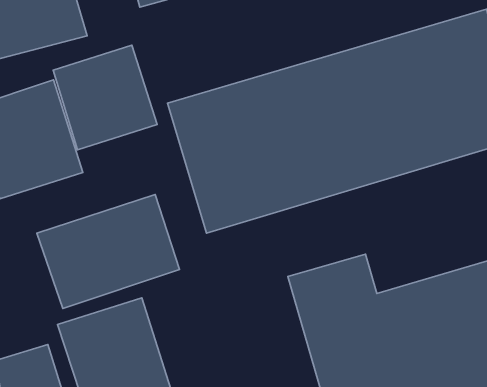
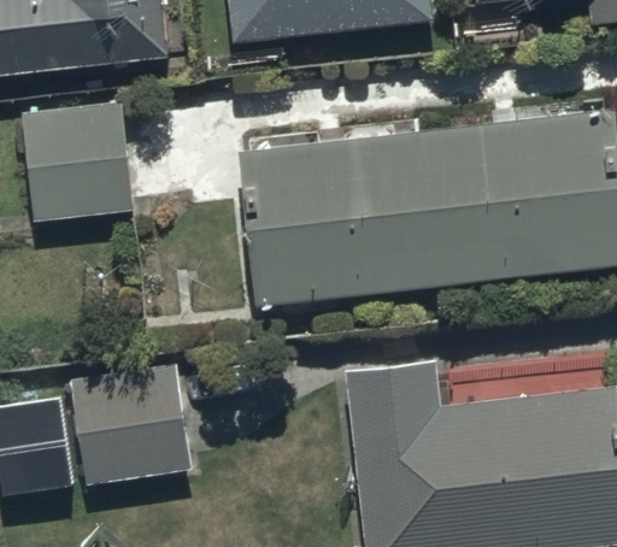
building: [53,45,157,150] -> none
building: [37,194,179,308] -> none

